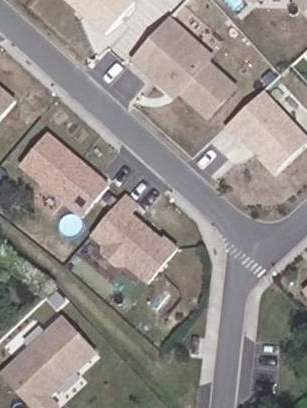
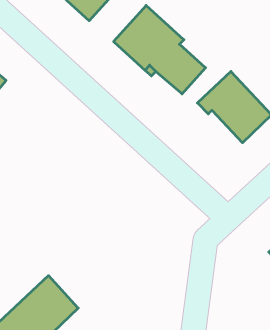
building: [18,132,106,205] -> none
building: [90,196,178,282] -> none

